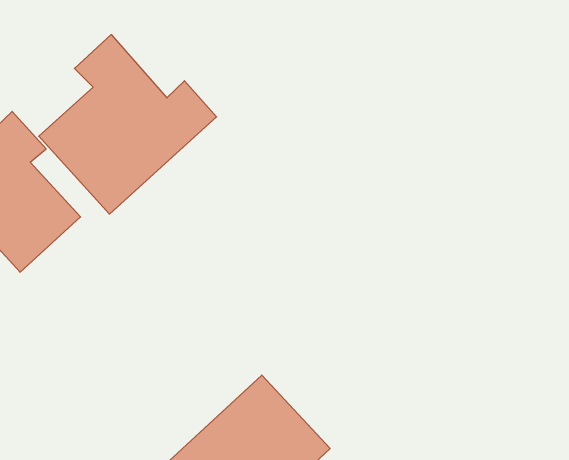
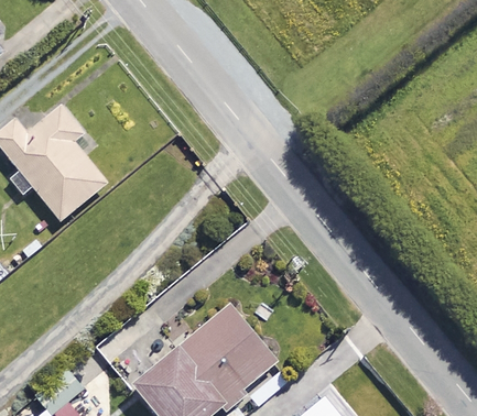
building: [39,35,217,214] -> none

